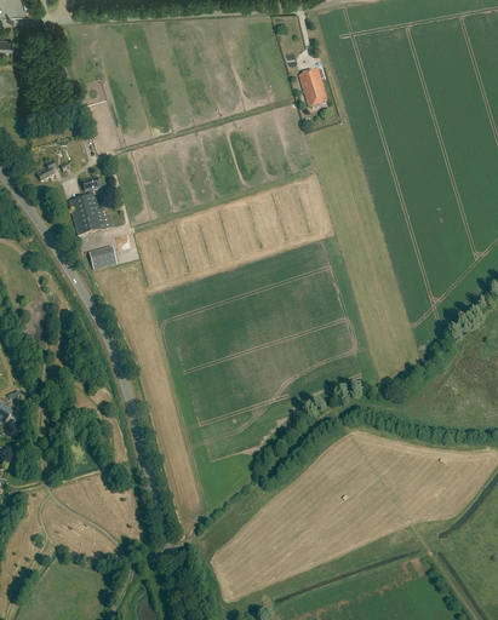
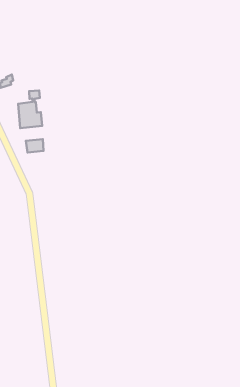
building: [299,69,327,107] -> none

